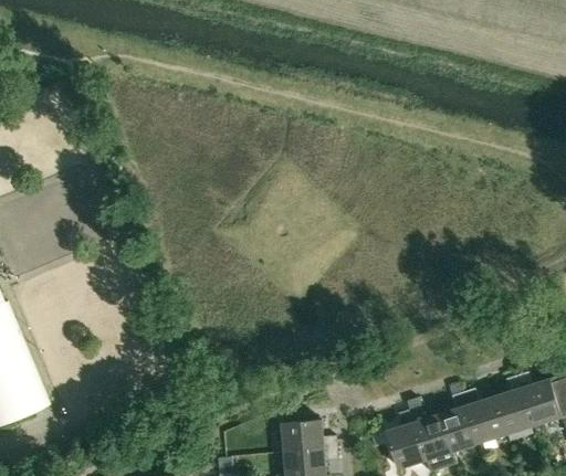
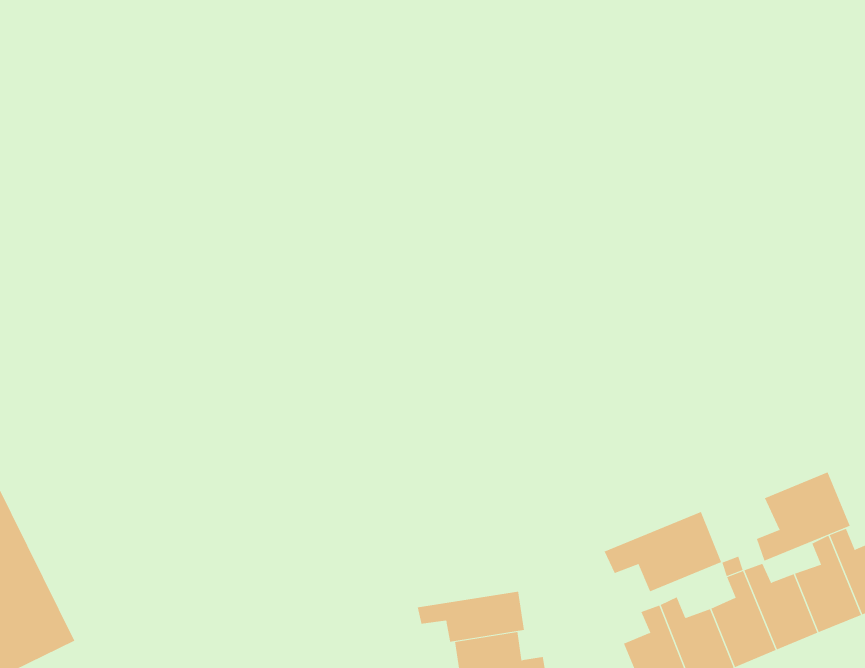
building: none -> [756,472,850,562]
building: none -> [604,511,722,592]
building: none -> [417,591,525,642]

